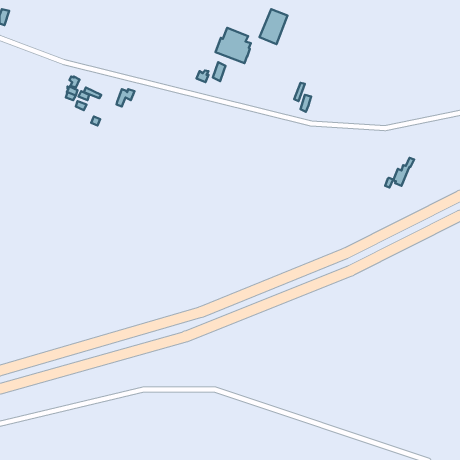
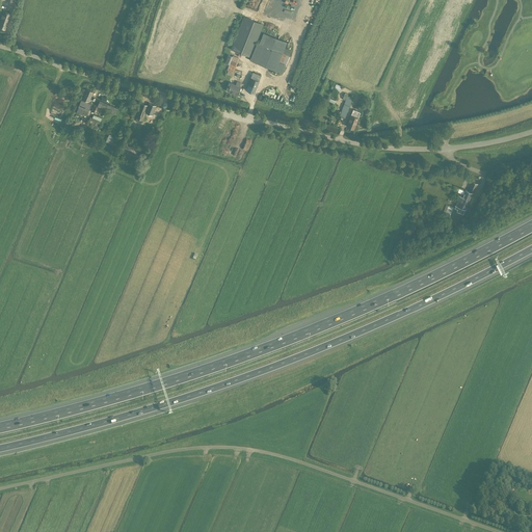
building: [260,9,287,44] -> [230,18,262,58]

